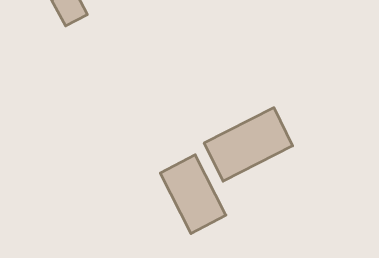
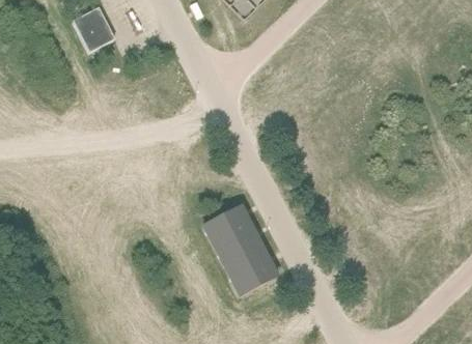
building: [204,108,293,181] -> none

